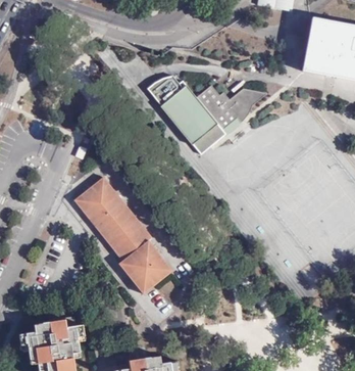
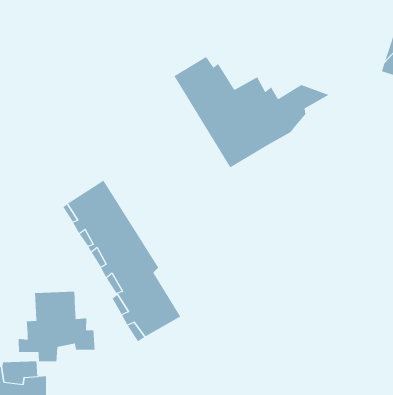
building: none -> [18,291,95,362]

